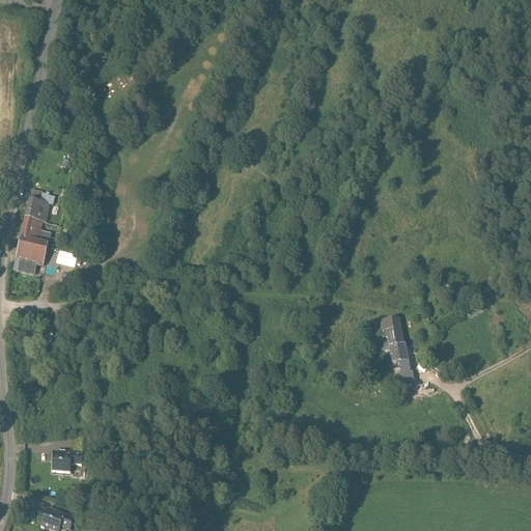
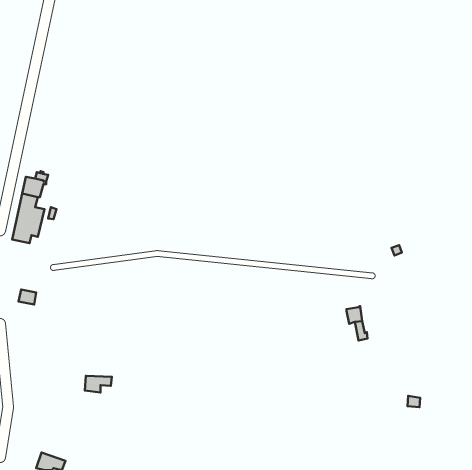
building: [381,317,402,346] -> none
building: [52,451,82,470] -> [85,376,112,392]

